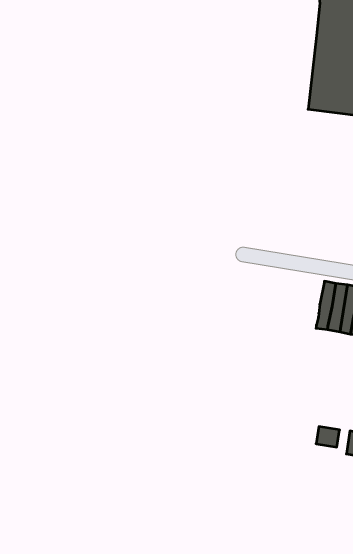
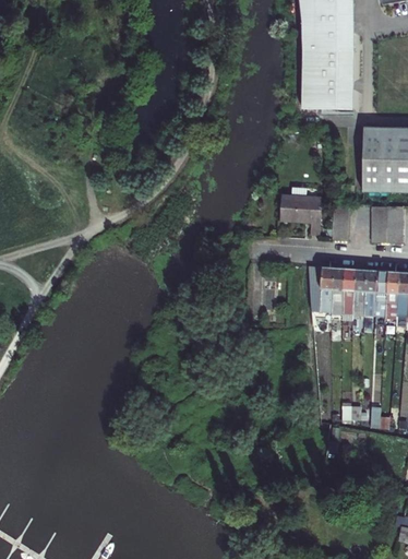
building: none -> [279,188,322,236]
building: none -> [308,267,333,311]

